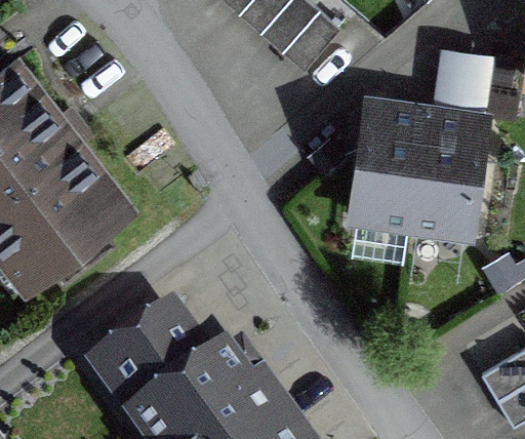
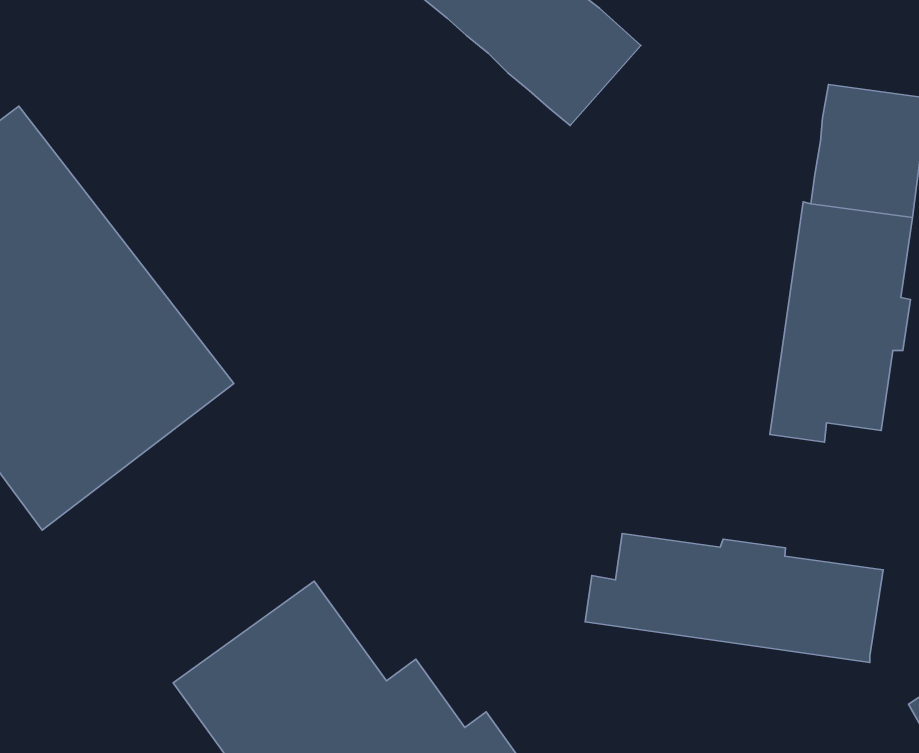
building: [354,104,427,234] -> none
building: none -> [585,533,883,663]

